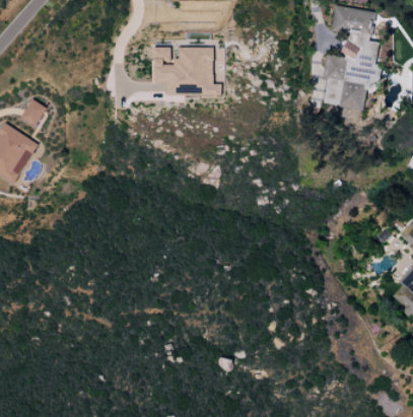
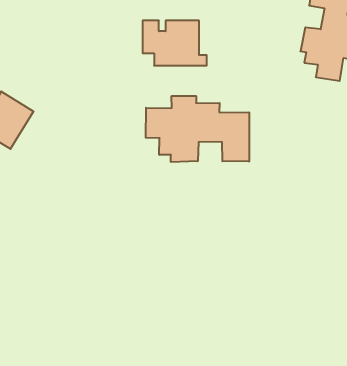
building: [20,98,46,126] -> none
building: none -> [146,96,249,162]

